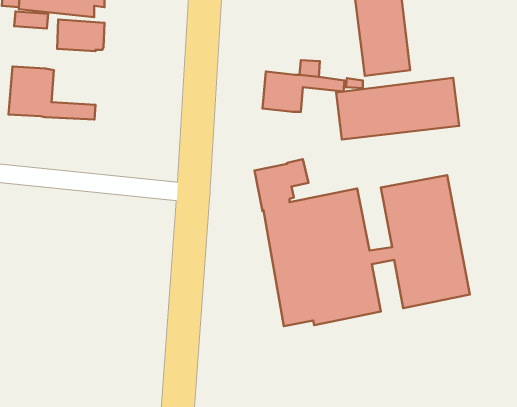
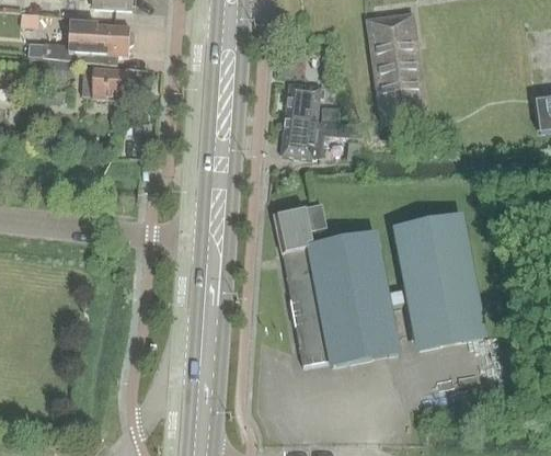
building: none -> [285,83,324,121]
building: [8,66,96,119] -> none
building: [336,78,459,140] -> none

